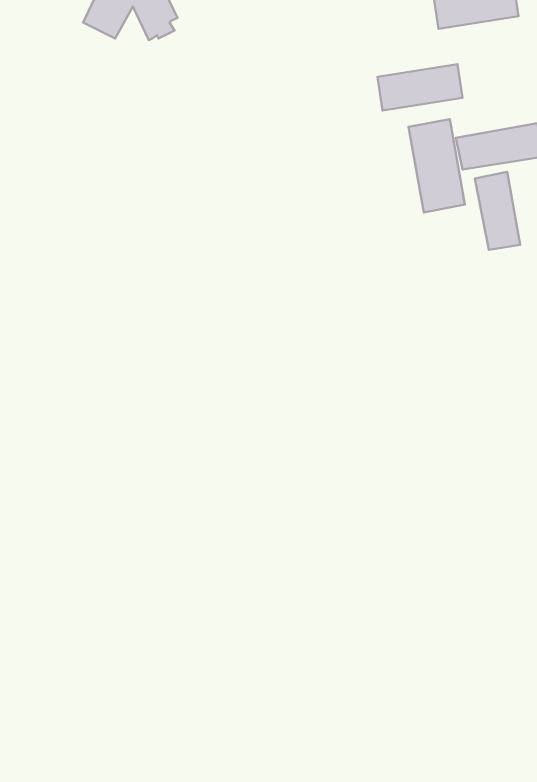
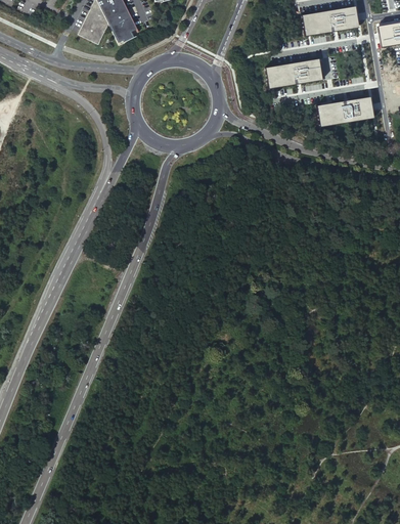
building: [409,119,465,212] -> none
building: [475,172,520,250] -> none

